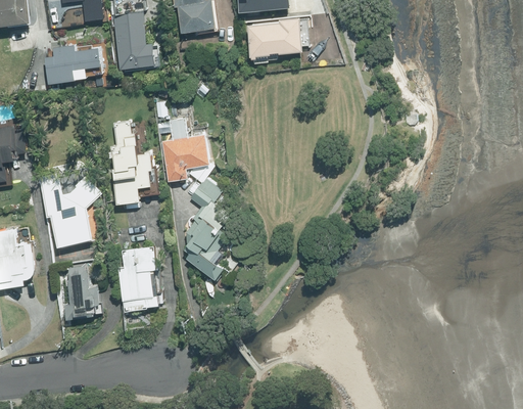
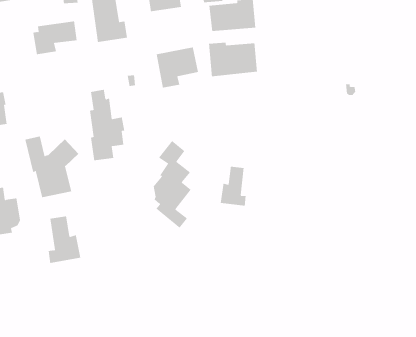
building: none -> [208,42,257,77]
building: [160,135,209,182] -> [156,47,199,88]
building: none -> [220,166,246,207]
building: [117,247,158,311] -> none

